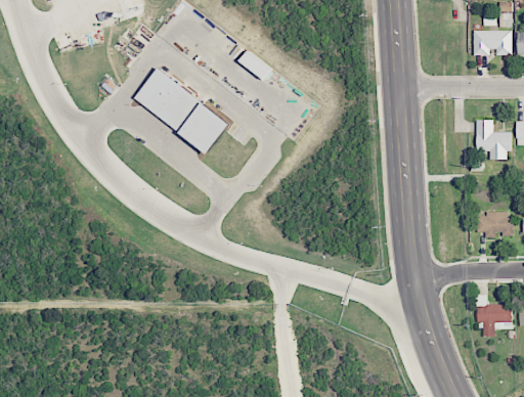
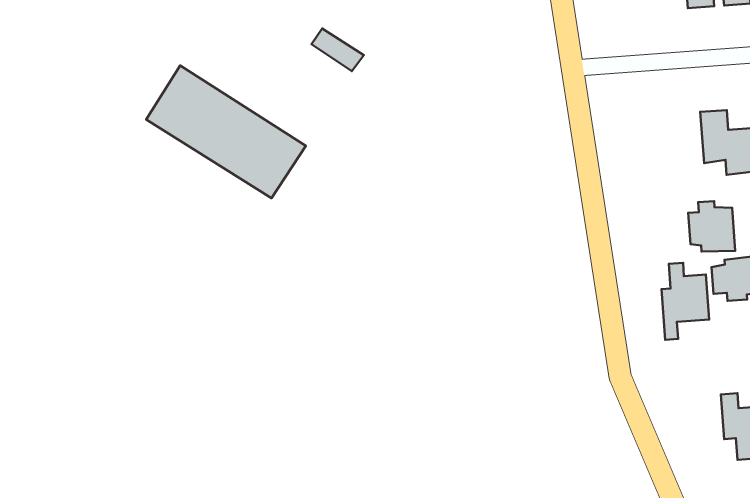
building: none -> [688,201,735,251]
building: none -> [661,263,709,340]

